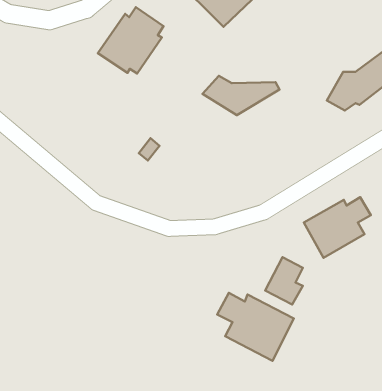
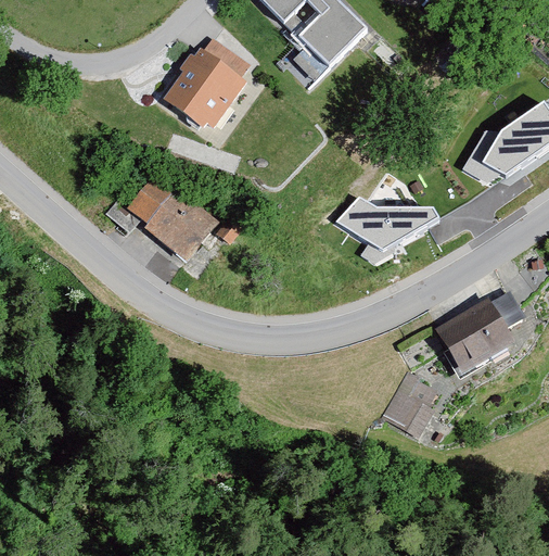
building: [202,76,279,115] -> [339,194,441,247]
building: none -> [128,178,218,263]
building: [217,293,294,361] -> none

